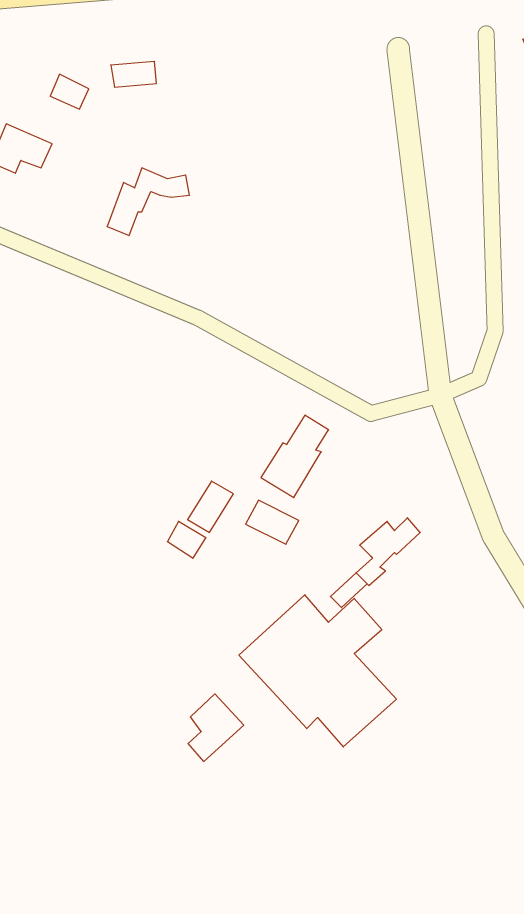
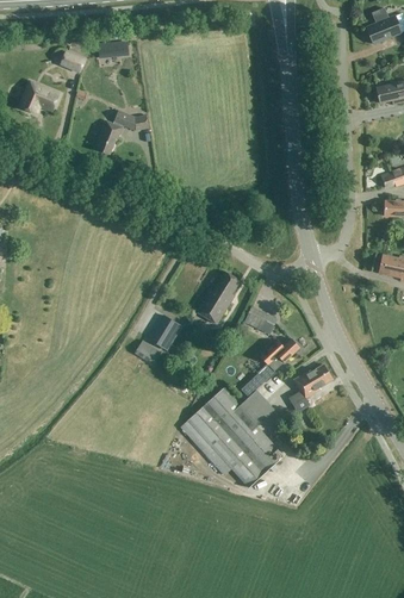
building: [246,500,299,544] -> [243,305,278,334]
building: none -> [290,363,332,412]
building: [188,694,244,761] -> none

